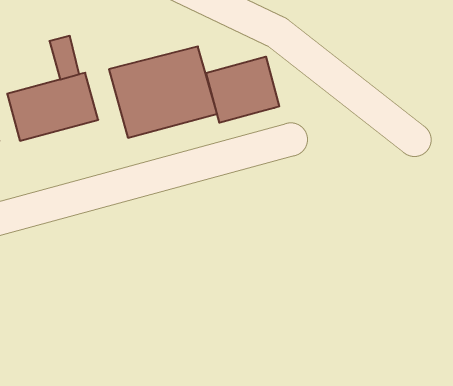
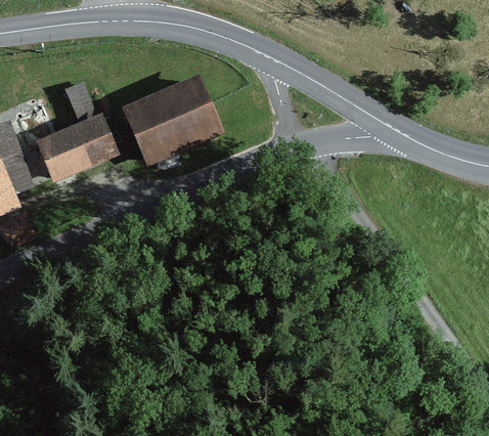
building: [206,57,279,123] -> none

